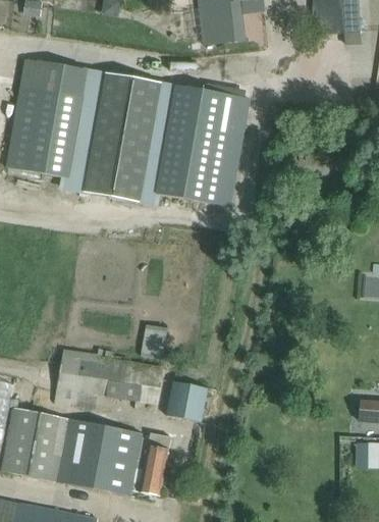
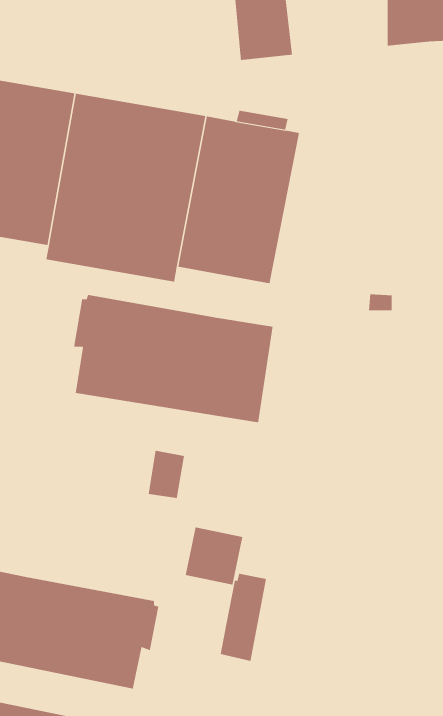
building: none -> [73,294,273,423]
building: [53,349,164,411] -> none
building: [139,432,172,495] -> [220,573,267,661]

